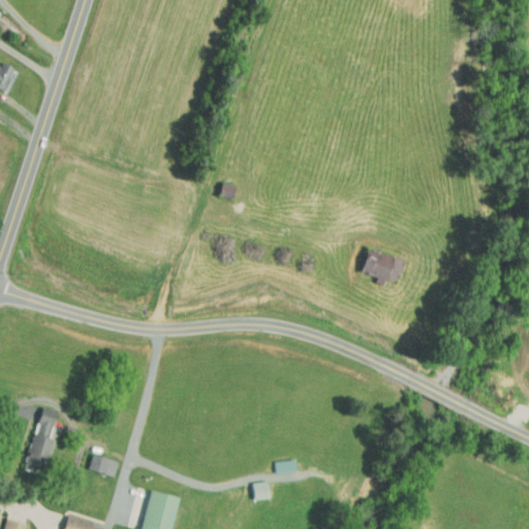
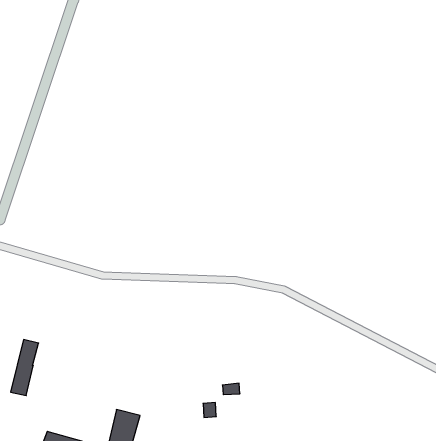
building: [362,248,406,286] -> none
building: [90,455,120,477] -> none

